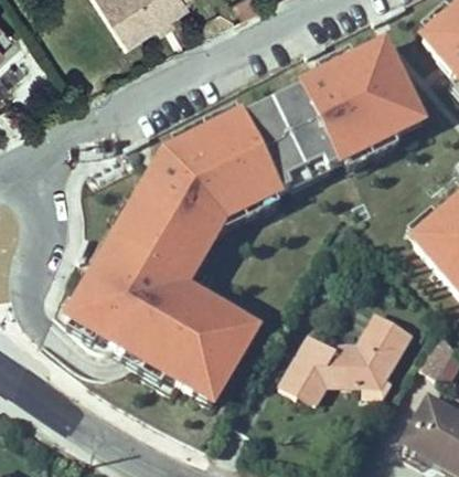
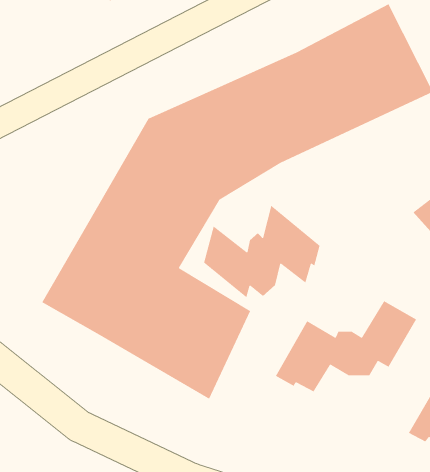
building: none -> [203,205,321,298]

